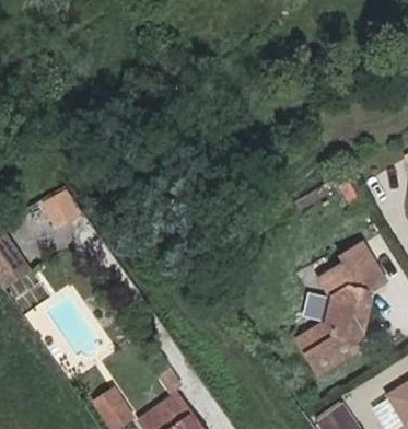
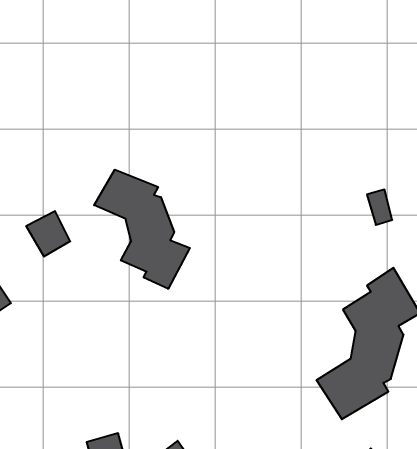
building: none -> [94,170,190,289]

